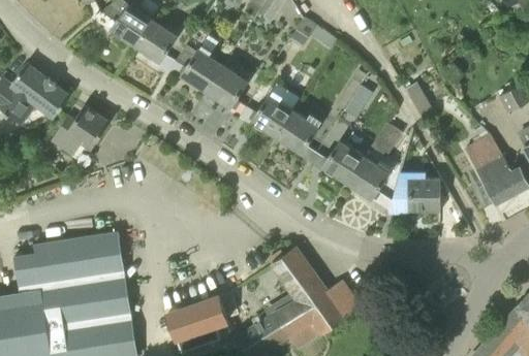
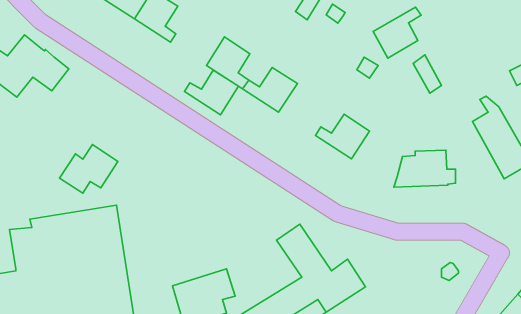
building: none -> [373,7,421,58]
building: [170,51,223,94] -> [184,70,238,115]
building: [53,106,110,154] -> [60,144,118,193]
building: [276,111,319,162] -> none
building: [371,123,403,158] -> none
building: [347,158,392,213] -> none

